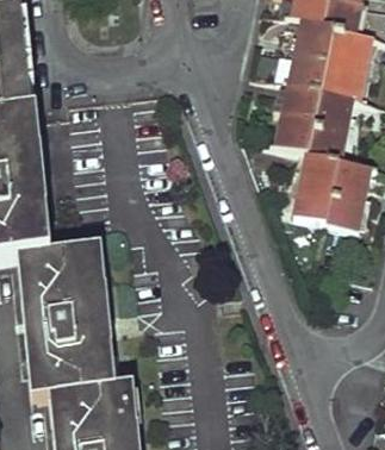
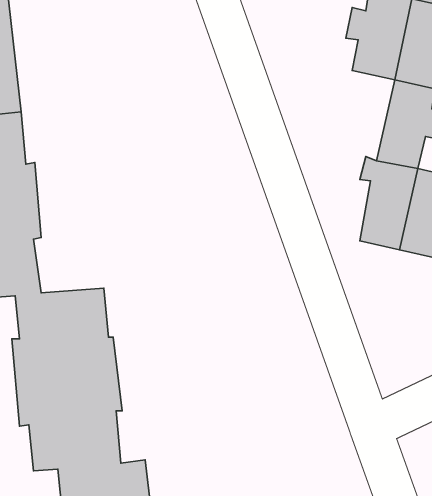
building: [275,80,322,151] -> none

